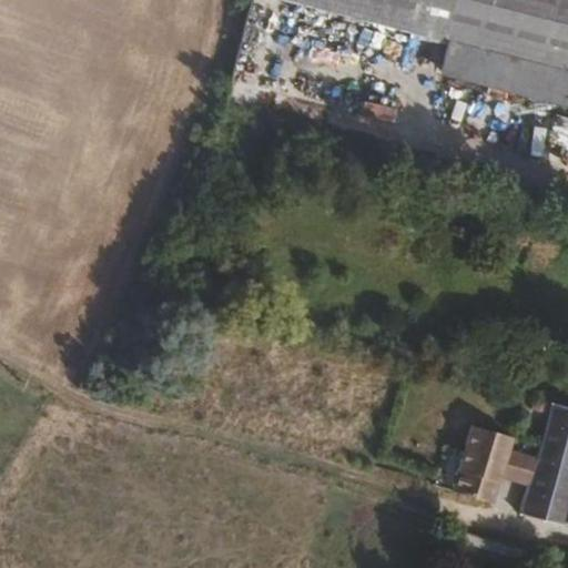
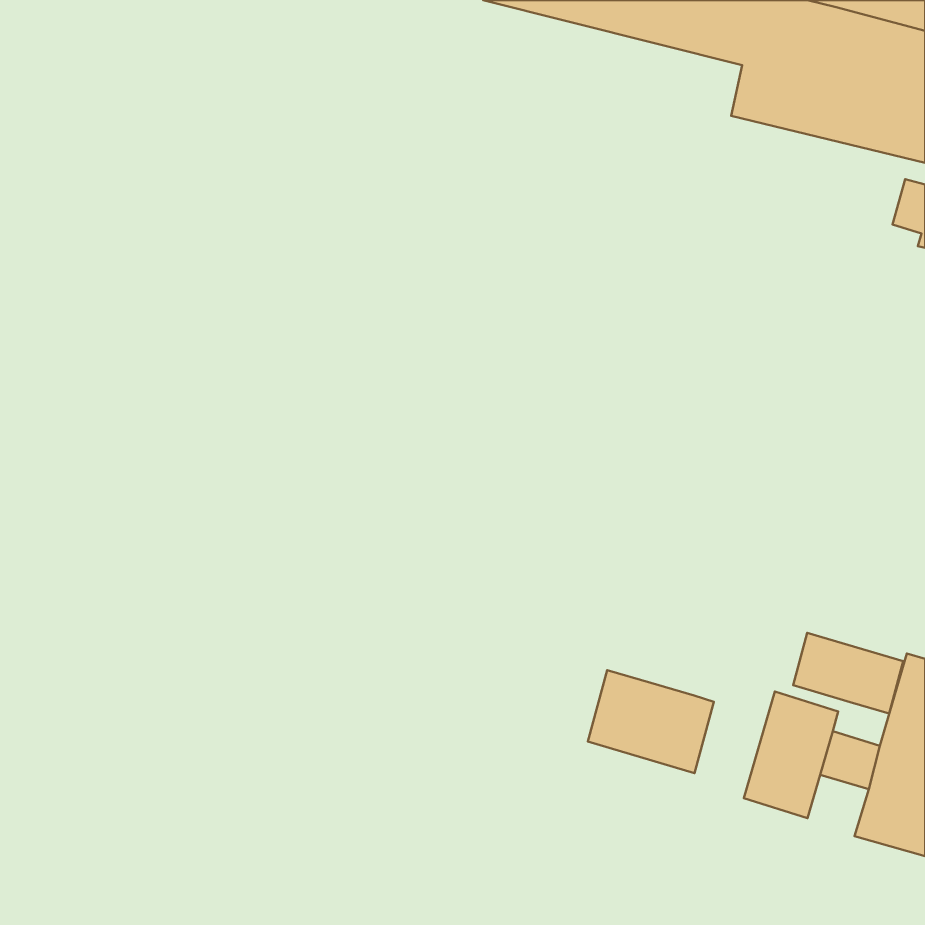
building: none -> [793,633,903,713]
building: none -> [588,670,714,773]

